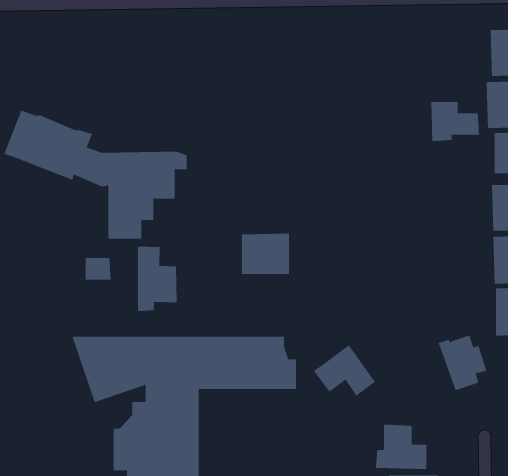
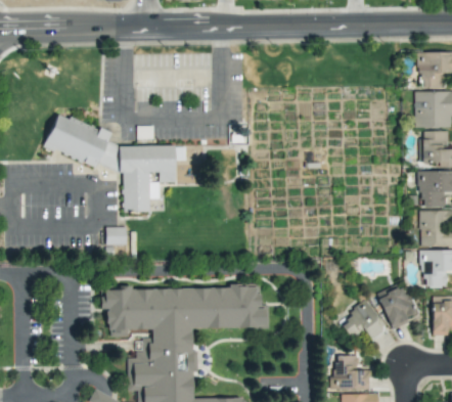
building: [431,101,479,142] -> none
building: [241,233,290,275] -> none
building: [138,246,177,312] -> none
building: [313,344,376,396] -> [340,301,388,341]

